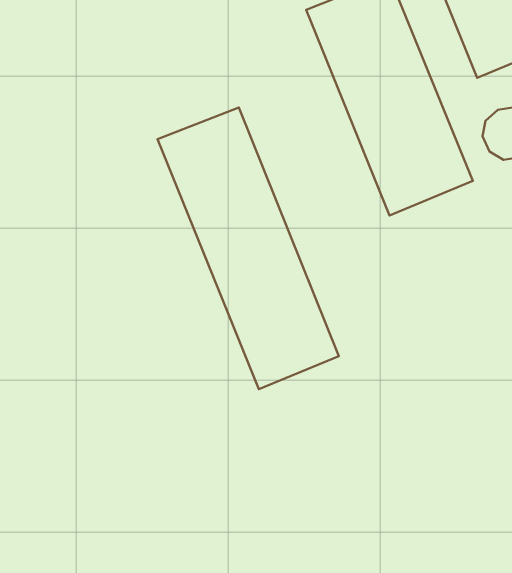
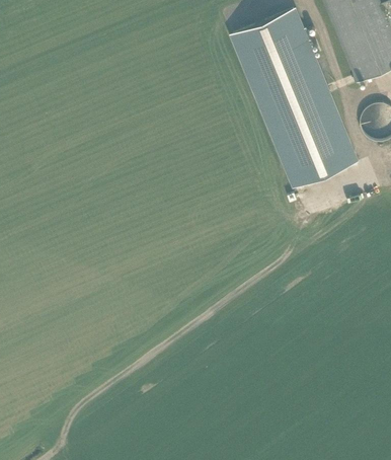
building: [158,107,339,389] -> none

